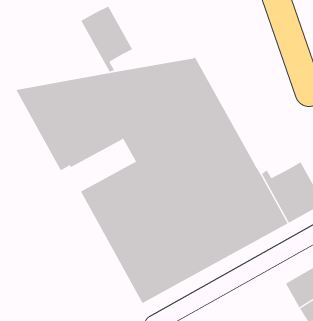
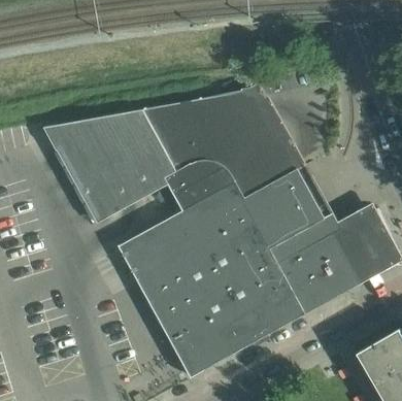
building: [80,6,133,73] -> none

